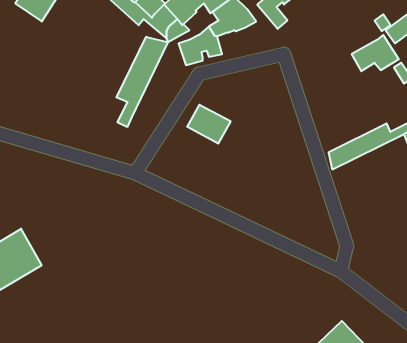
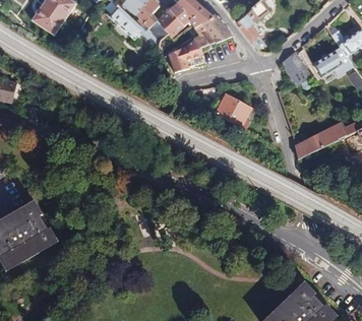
building: [117,37,168,127] -> none
building: none -> [283,50,313,88]
building: [187,105,231,143] -> [216,93,252,126]

